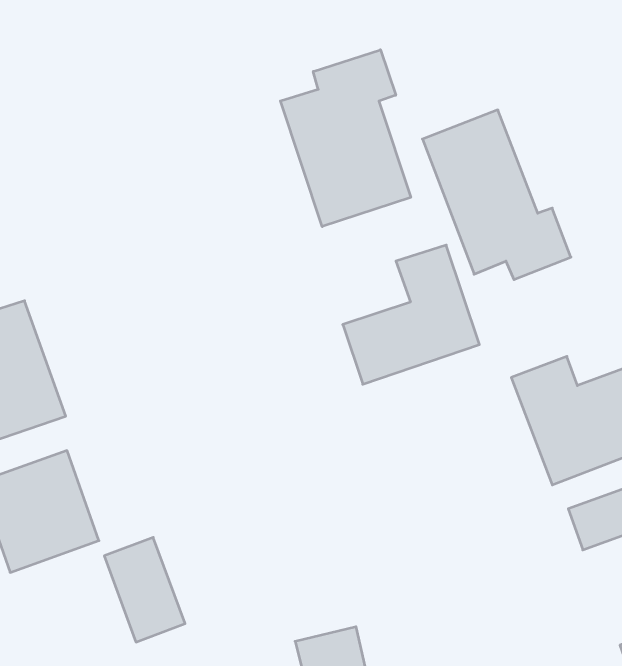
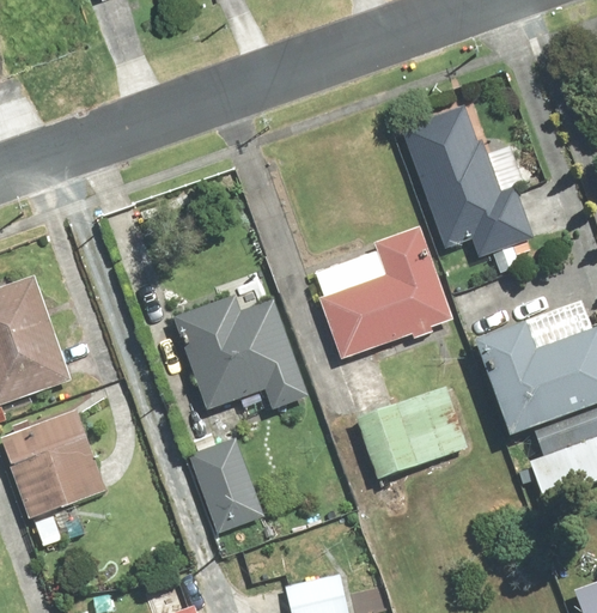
building: [280,50,411,227] -> none
building: none -> [170,296,306,411]
building: none -> [358,388,468,479]
building: [104,537,185,642] -> [193,437,266,532]

